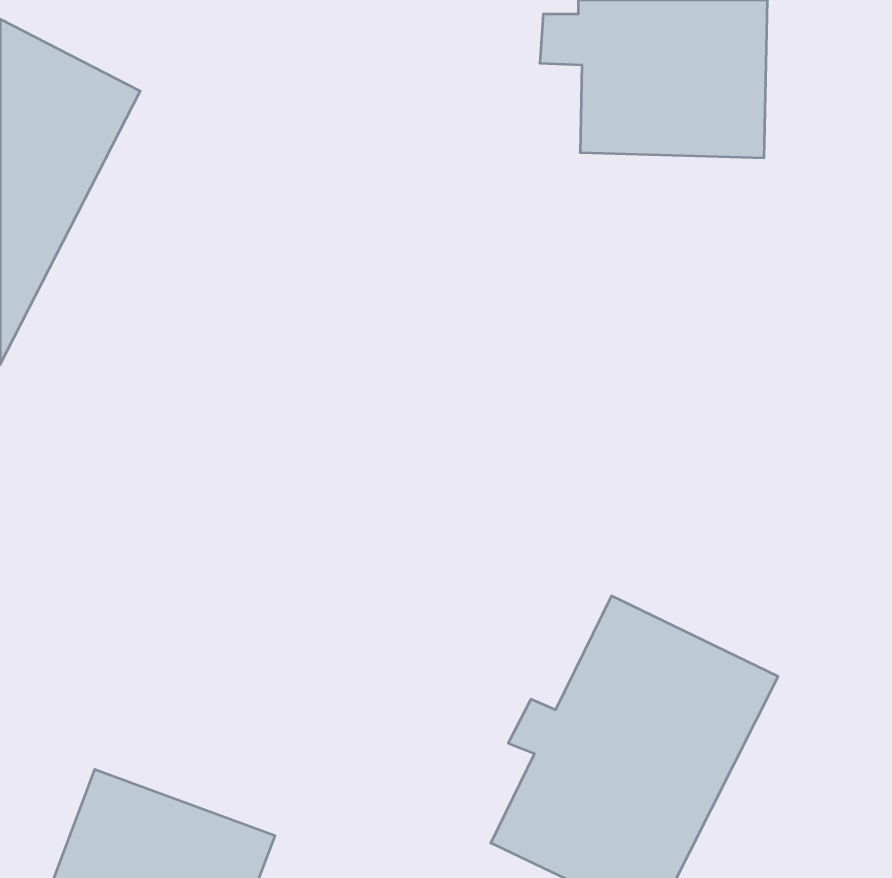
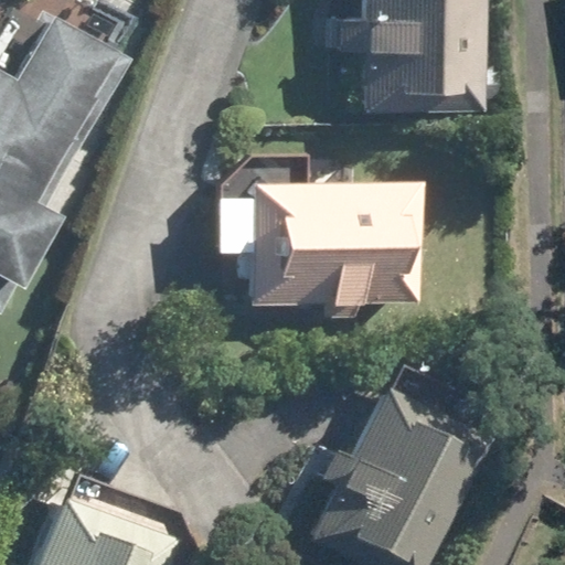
building: none -> [220,180,423,322]

